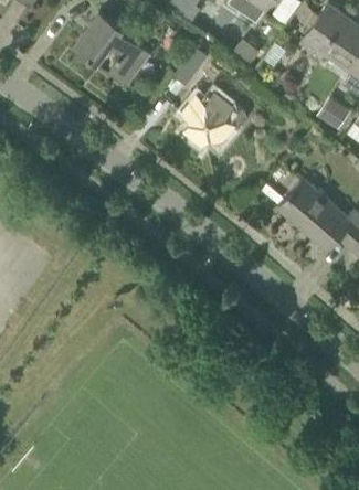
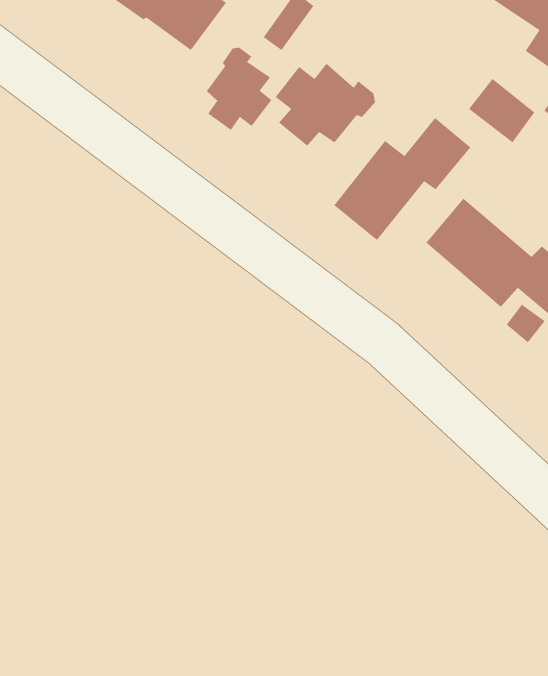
building: none -> [206,47,272,131]
building: none -> [333,117,471,241]

